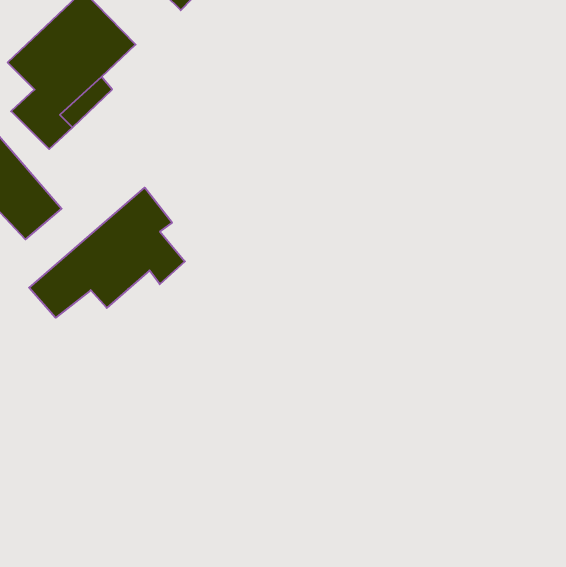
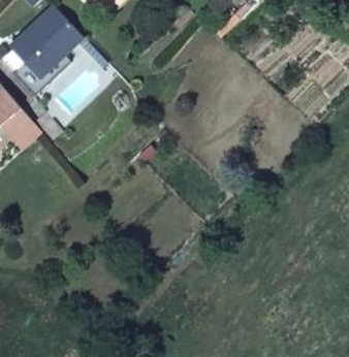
building: [29,188,185,318] -> none

